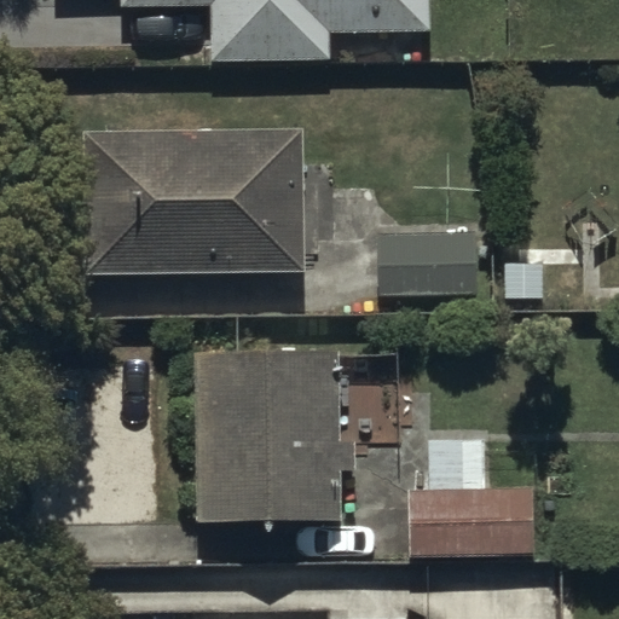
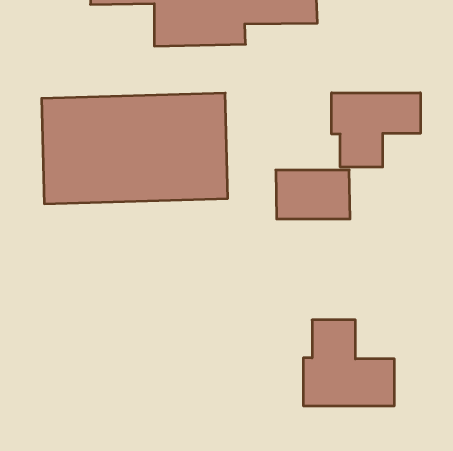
building: none -> [332,93,420,167]
building: [195,347,355,522] -> none

